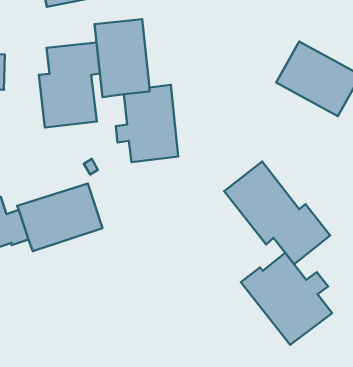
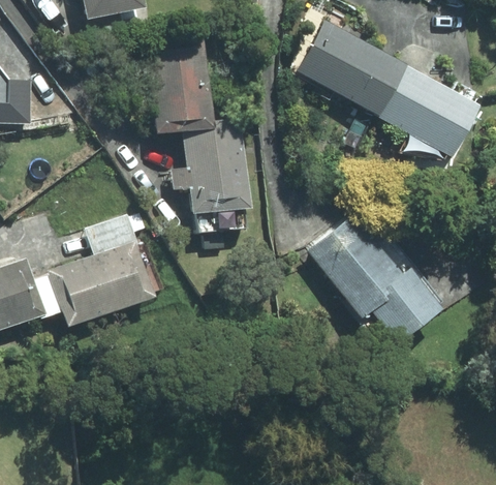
building: none -> [296,19,402,114]
building: [39,42,100,128] -> none
building: [241,253,332,345] -> none

